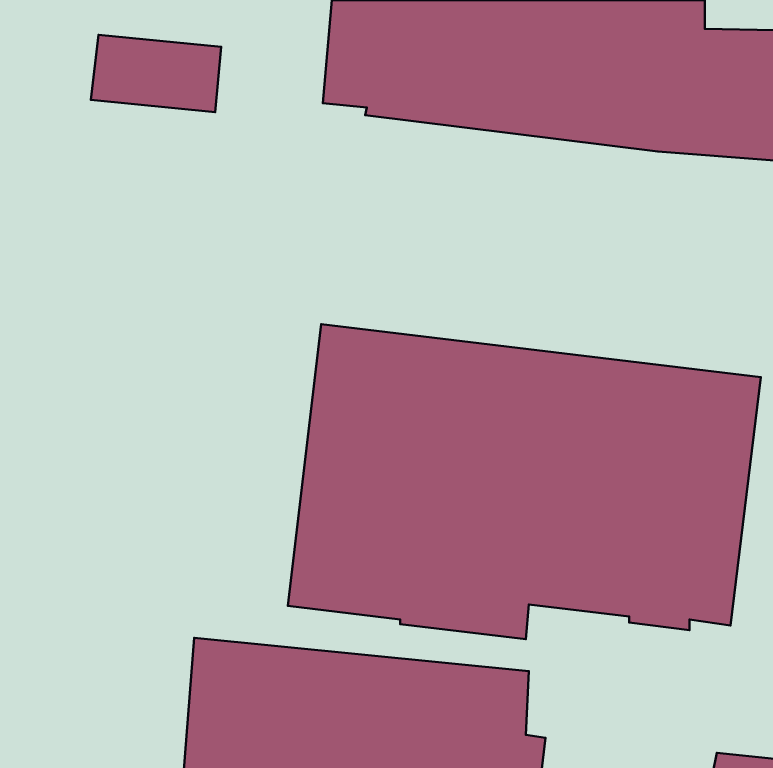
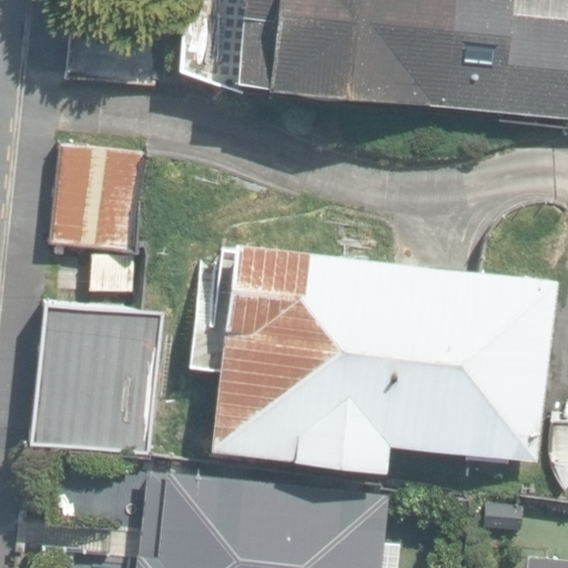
building: none -> [50,145,148,255]
building: none -> [30,301,159,452]

